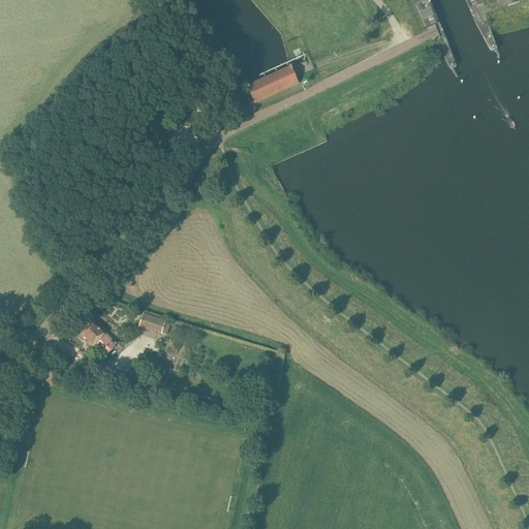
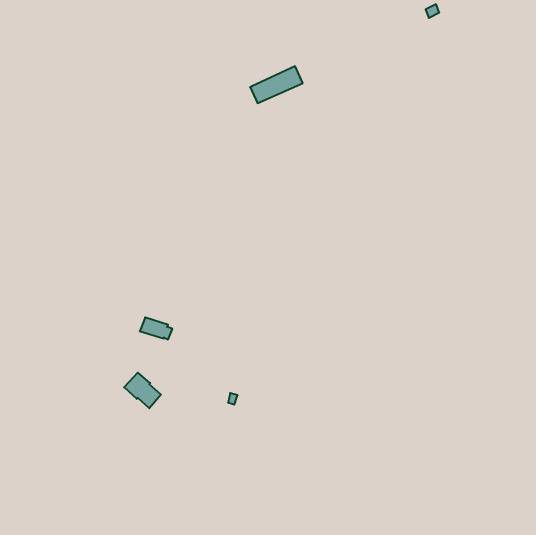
building: [80,320,116,355] -> [124,373,161,408]

